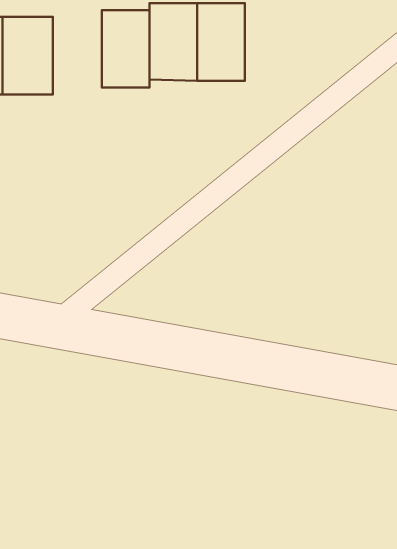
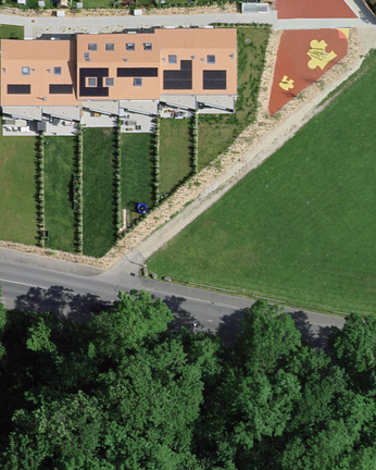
building: none -> [80,36,120,98]

